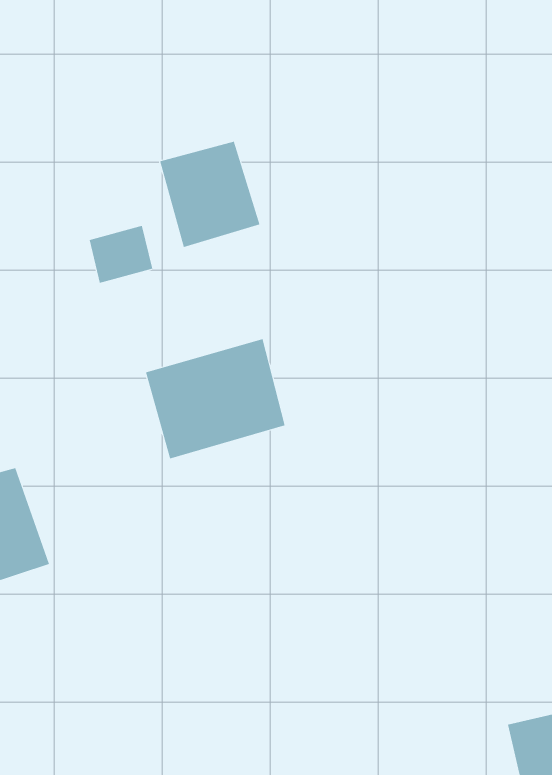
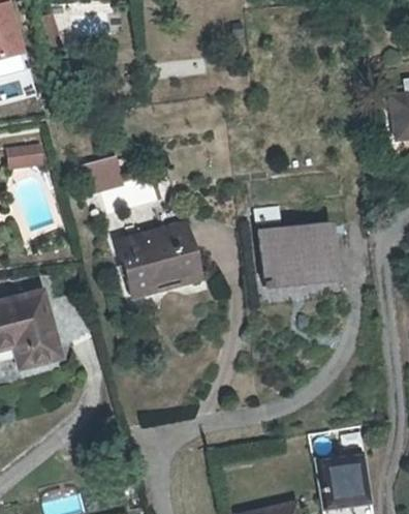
building: [159,141,260,248] -> none
building: none -> [270,230,346,289]

